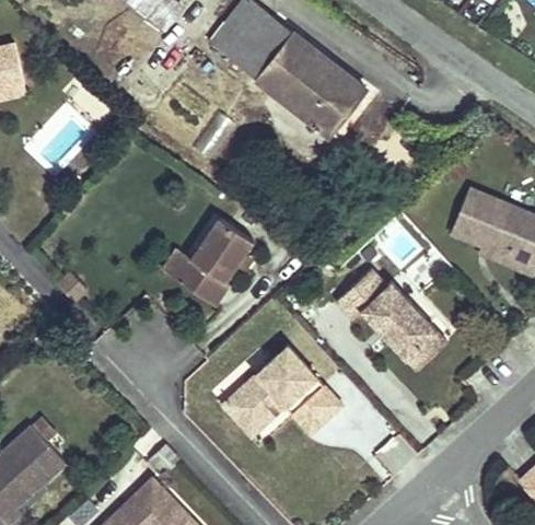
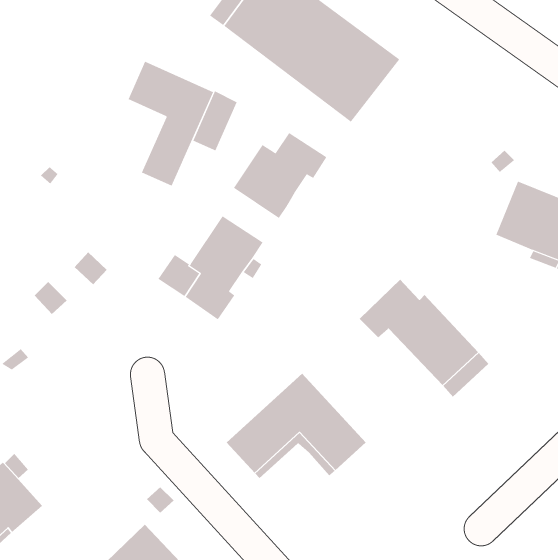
building: none -> [128,61,214,186]
building: none -> [233,132,327,219]

